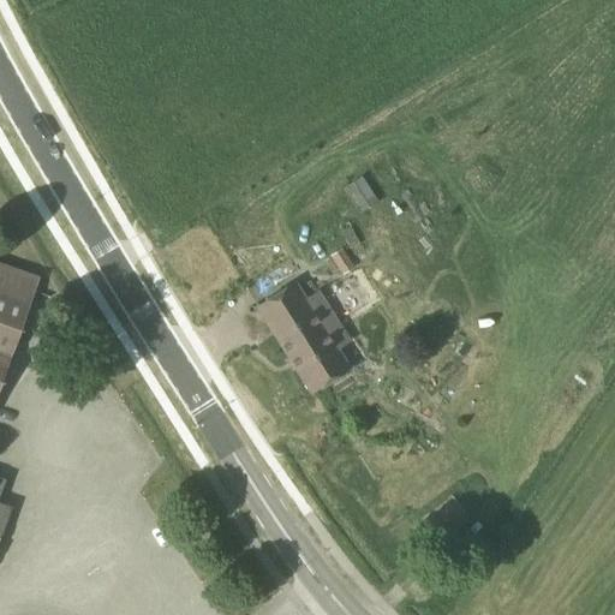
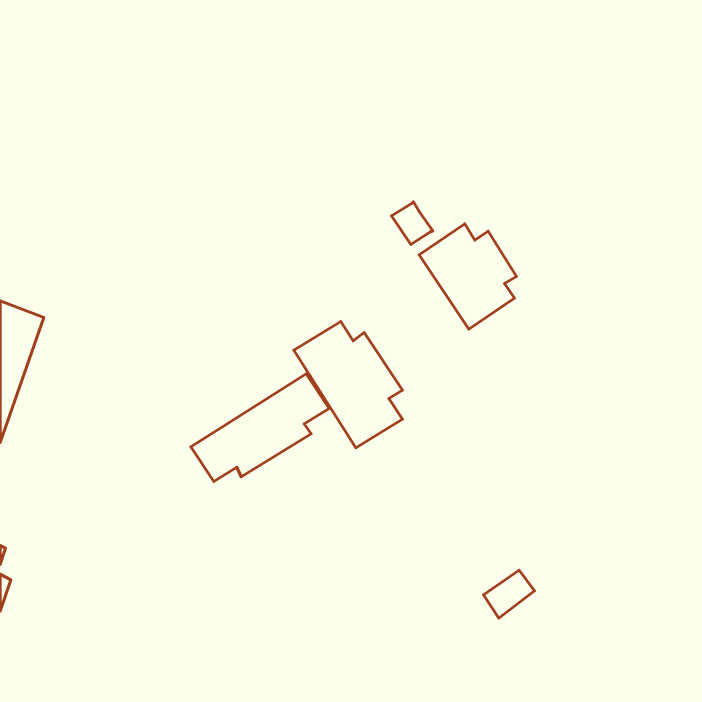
building: none -> [419,224,517,329]
building: none -> [191,374,329,482]

